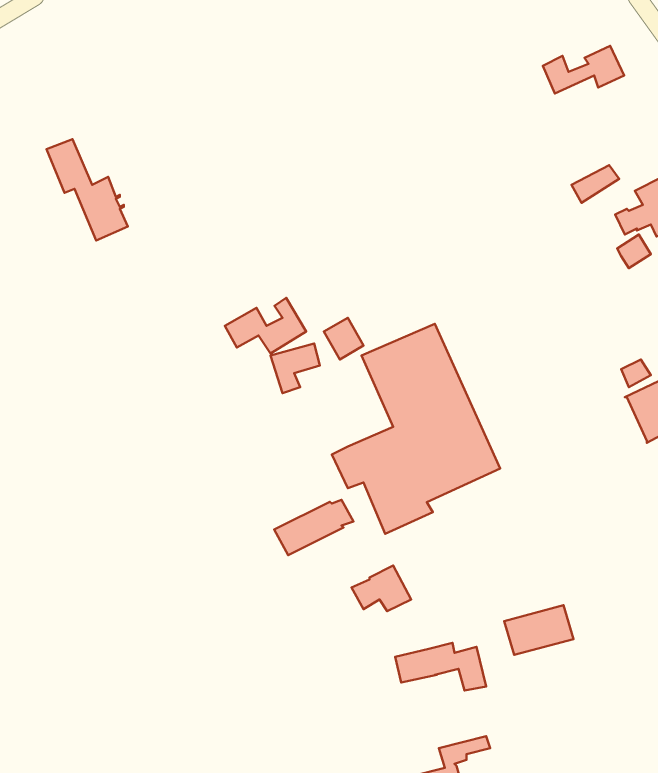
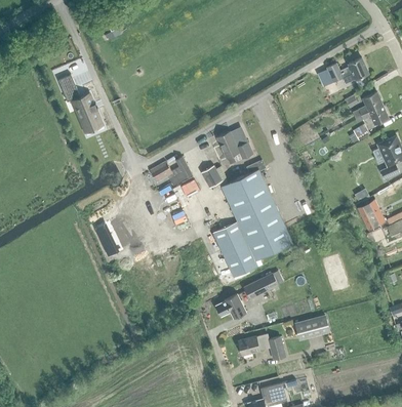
building: [543,46,624,93] -> [326,57,368,82]
building: none -> [216,131,253,164]
building: [274,500,354,555] -> [243,271,284,299]

